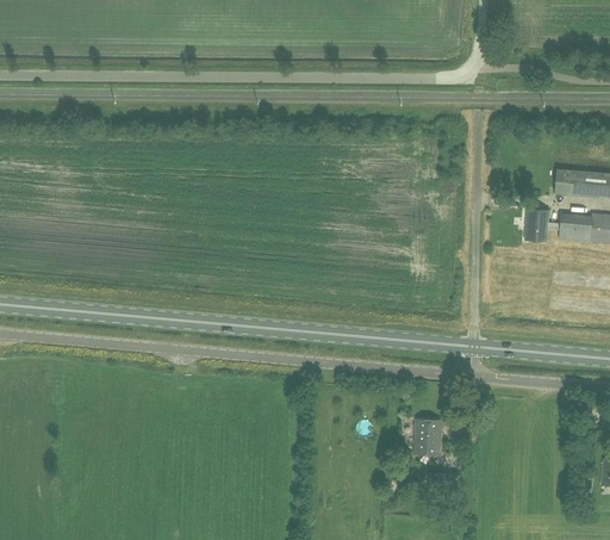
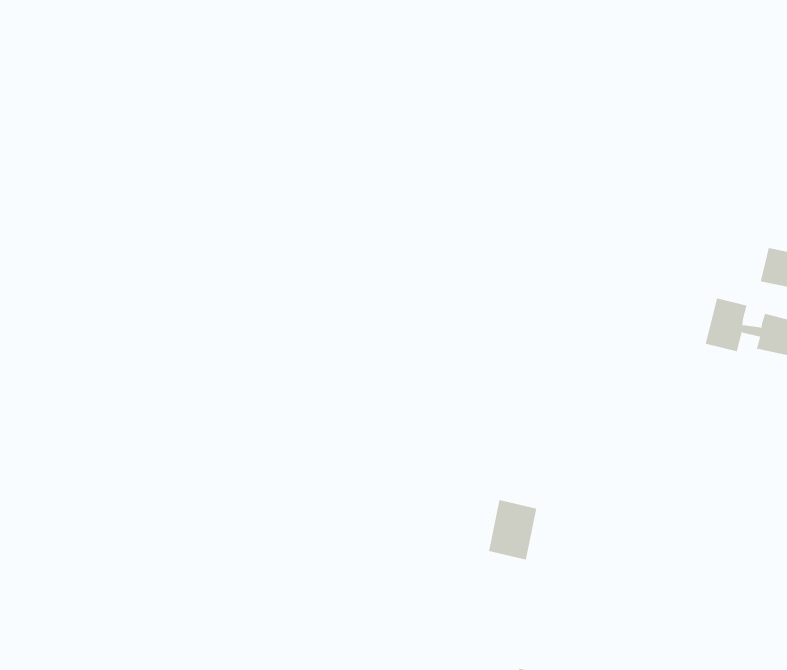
building: [413,417,442,455] -> [488,499,537,560]

